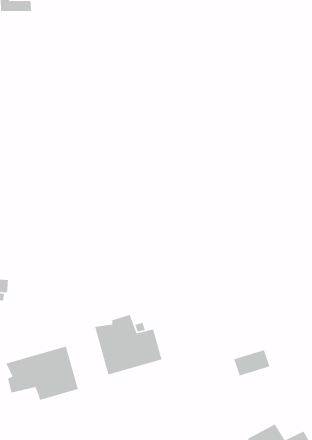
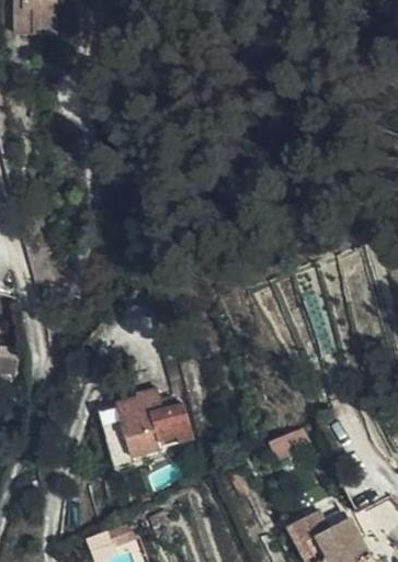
building: [5,345,79,401] -> none

